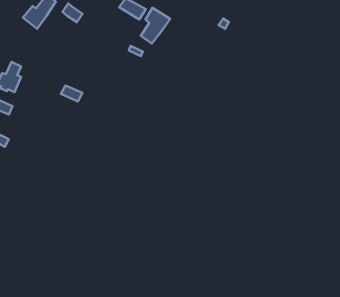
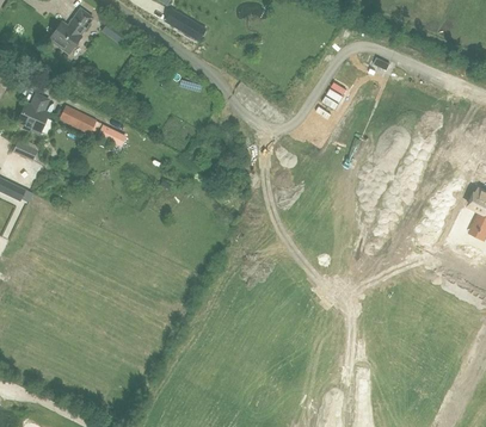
building: [141,8,170,43] -> none
building: none -> [59,104,100,134]

